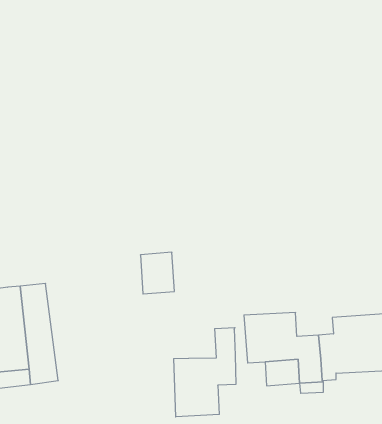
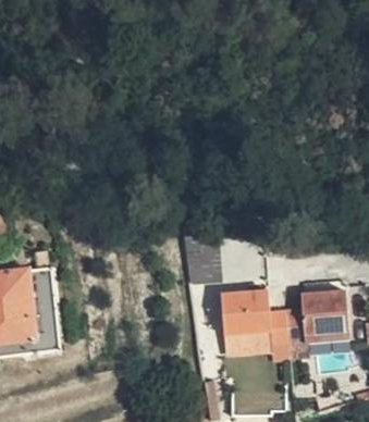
building: [140,252,174,294] -> [187,245,217,281]
building: [174,328,236,417] -> none

